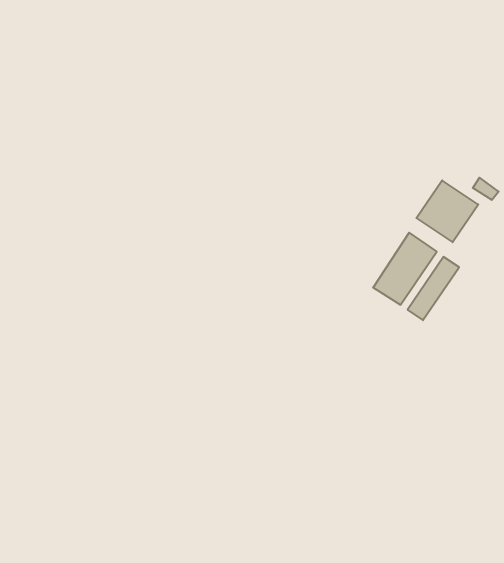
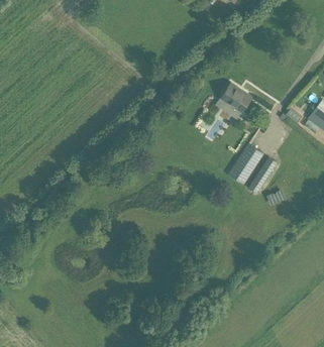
building: [416,180,478,242] -> [215,82,251,118]

